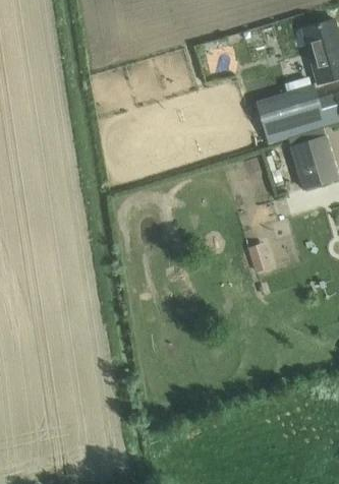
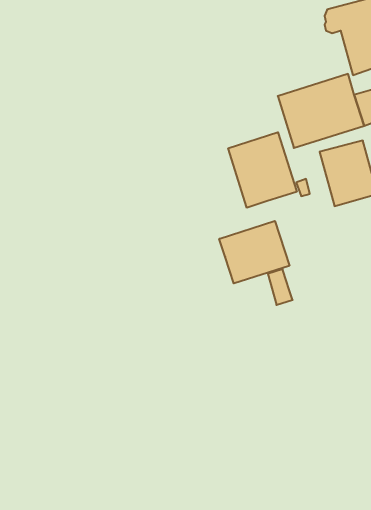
building: none -> [228,132,297,208]
building: none -> [219,221,289,283]

